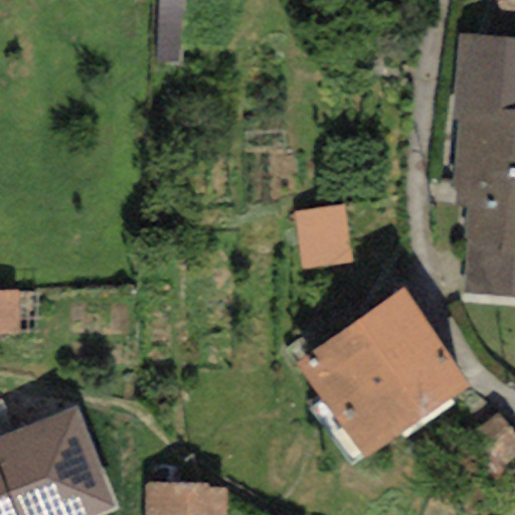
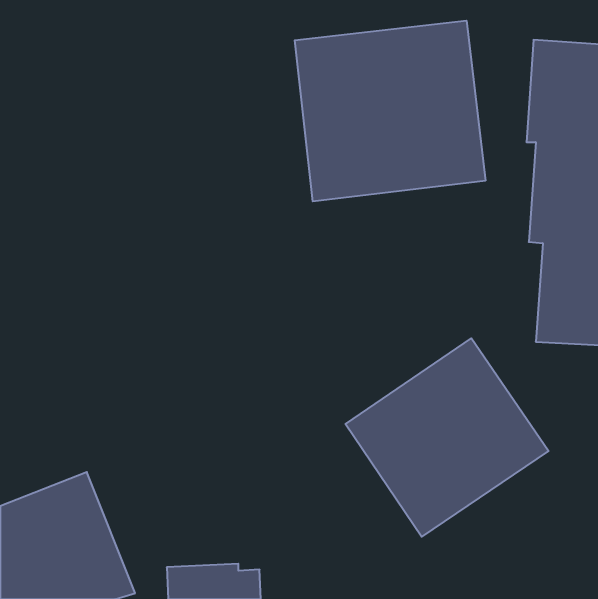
building: none -> [295,21,485,201]
building: [294,204,352,270] -> none

